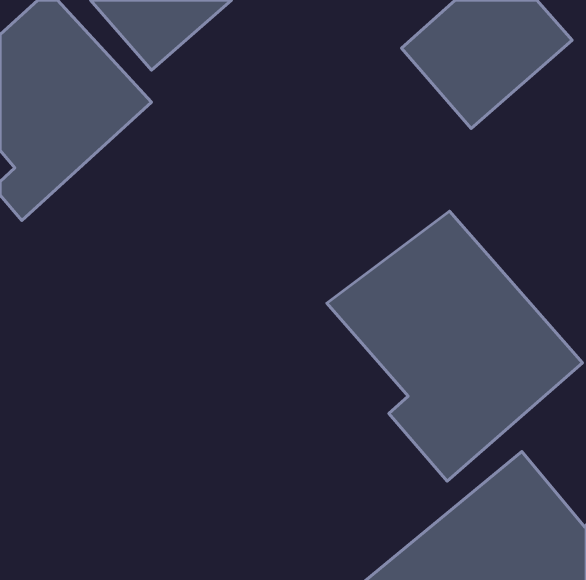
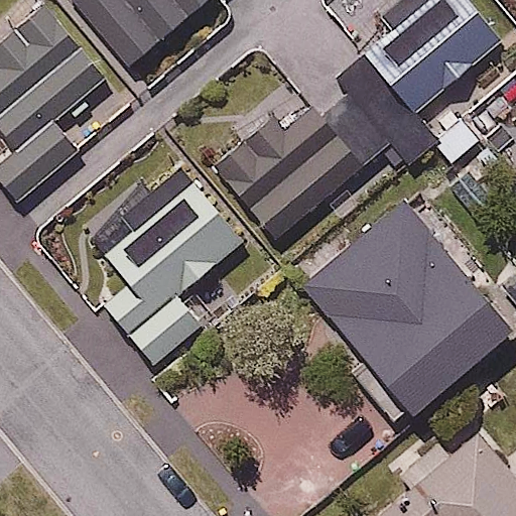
building: none -> [198,71,438,244]
building: none -> [100,172,248,376]

